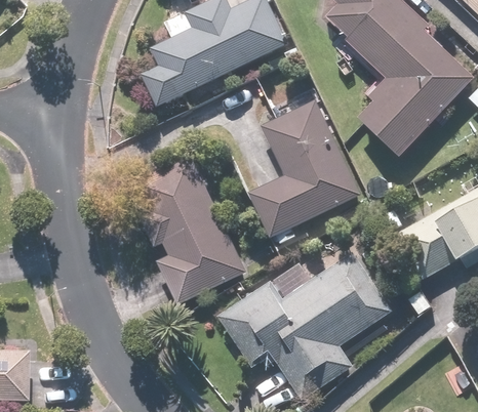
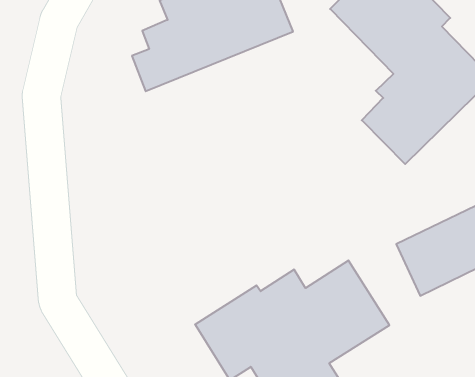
building: [249,98,360,238] -> none
building: [135,155,246,305] -> none

